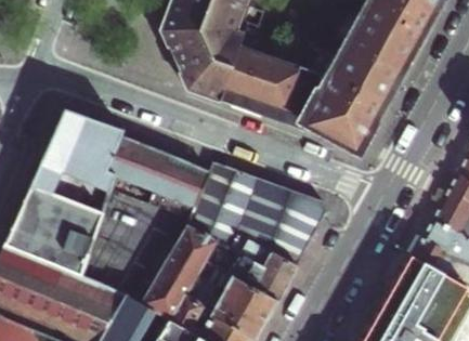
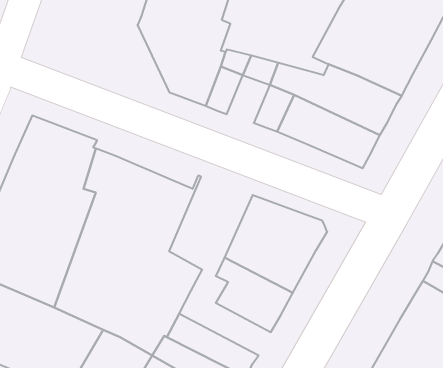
building: [242,74,279,116] -> none
building: [191,163,264,251] -> none
building: [199,264,281,322] -> none

